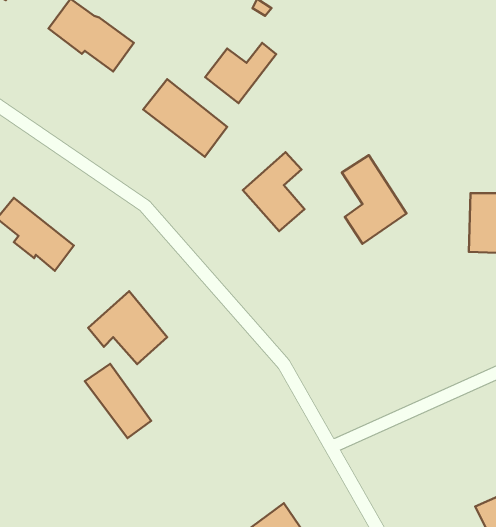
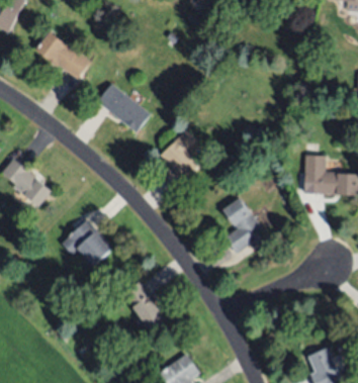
building: [205,43,276,103] -> none
building: [342,155,407,244] -> [222,198,264,255]
building: [85,364,151,438] -> [122,282,165,329]

